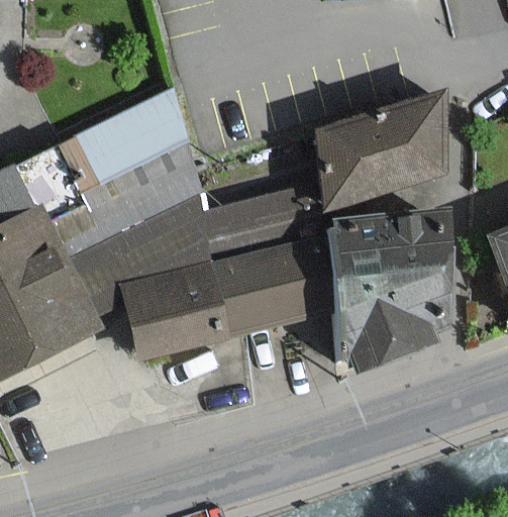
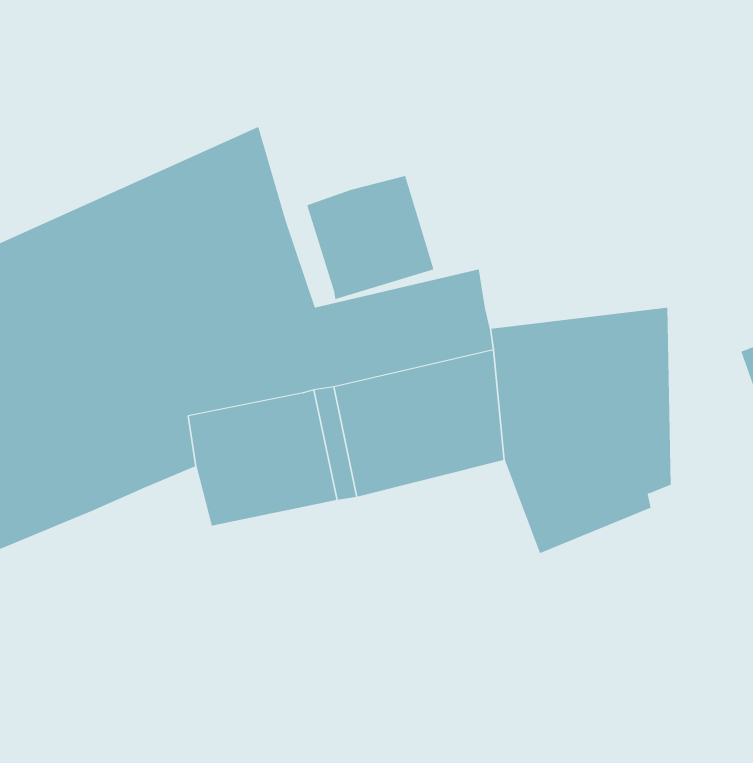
building: [311,93,442,212] -> none
building: none -> [307,175,434,300]

